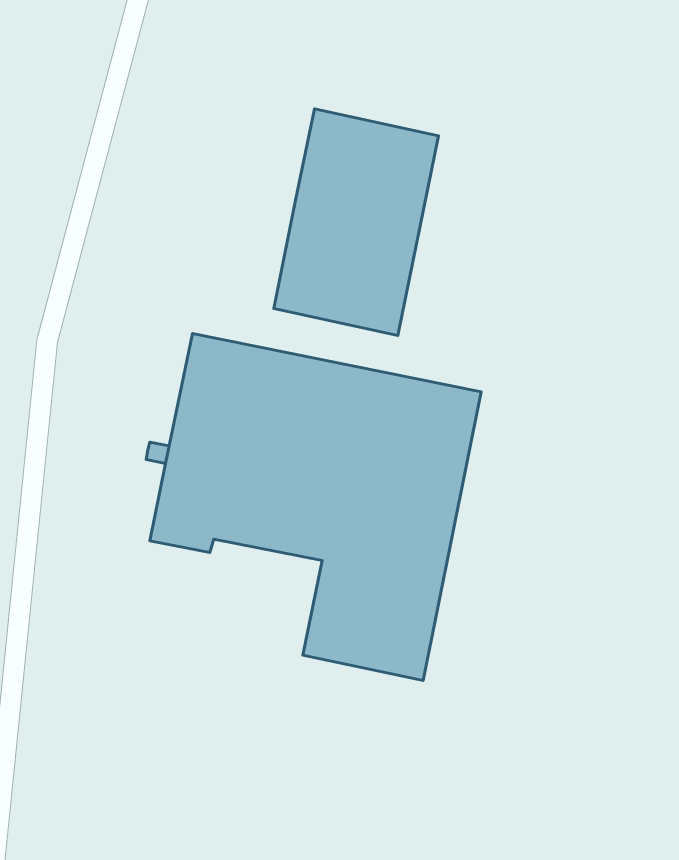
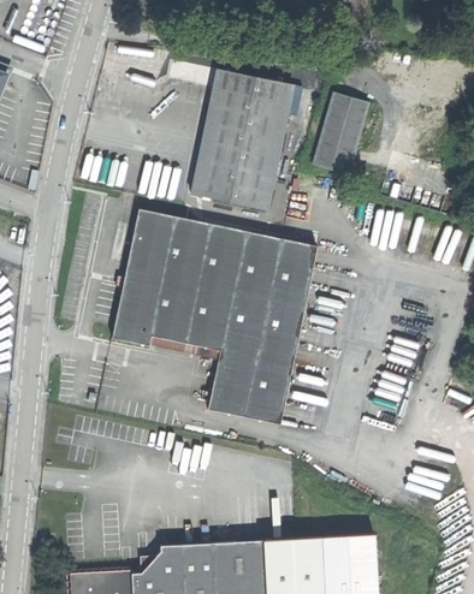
building: none -> [314,90,369,173]

